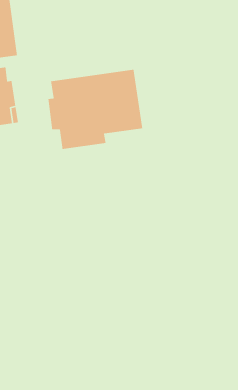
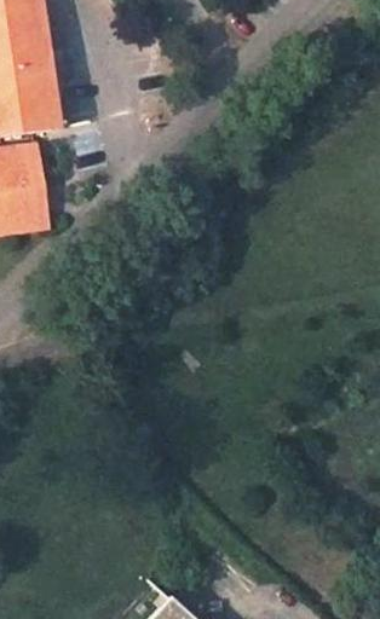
building: [47,69,143,150] -> none

